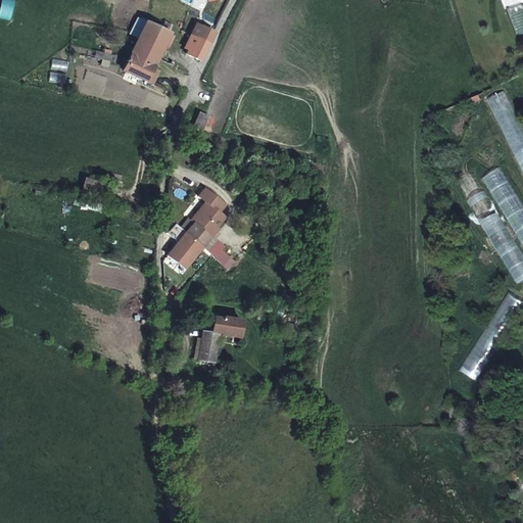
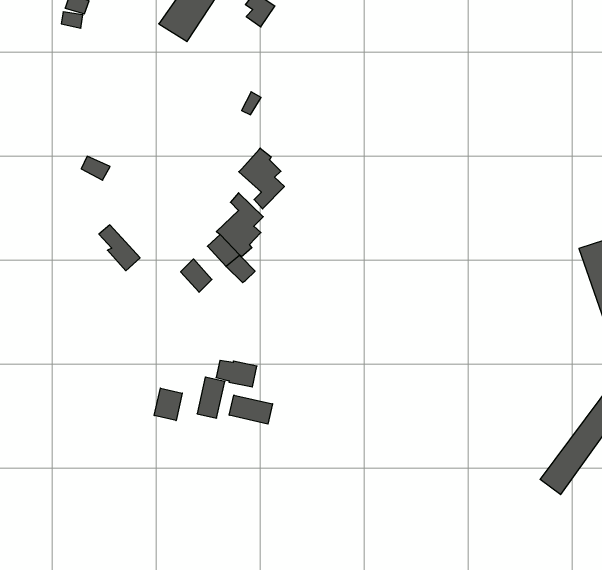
building: none -> [239,148,284,209]
building: [170,224,203,256] -> [99,225,140,271]
building: none -> [229,395,273,424]
building: none -> [154,388,182,421]

